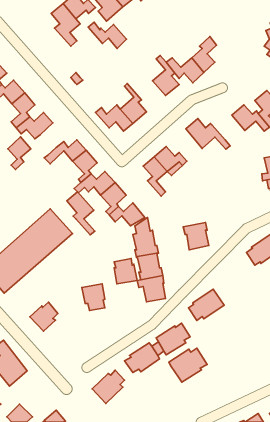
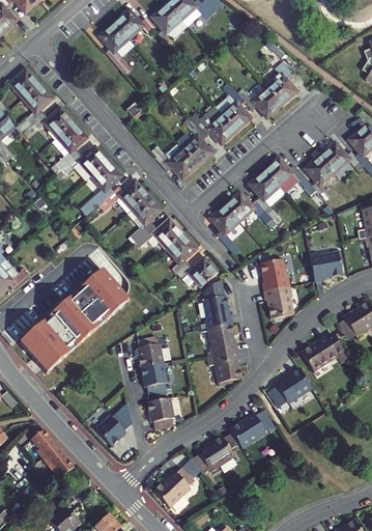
building: [88,22,126,48] -> [194,110,240,142]
building: none -> [306,155,337,202]
building: none -> [252,171,282,220]
building: [8,137,31,169] -> [88,164,116,203]
building: [67,192,95,235] -> none
building: none -> [309,250,341,281]
building: none -> [259,258,289,290]
building: [114,258,137,284] -> [136,333,164,364]
building: none -> [302,333,347,371]
building: [30,302,58,331] -> [95,410,130,445]
building: none -> [148,395,174,427]
building: [169,348,207,382] -> none

